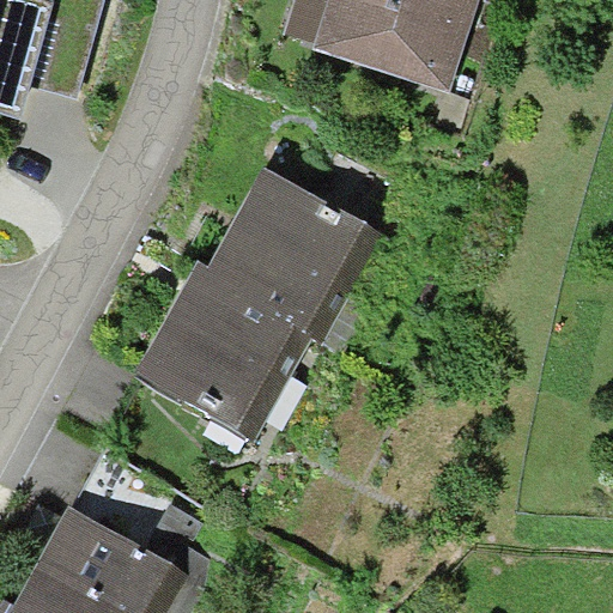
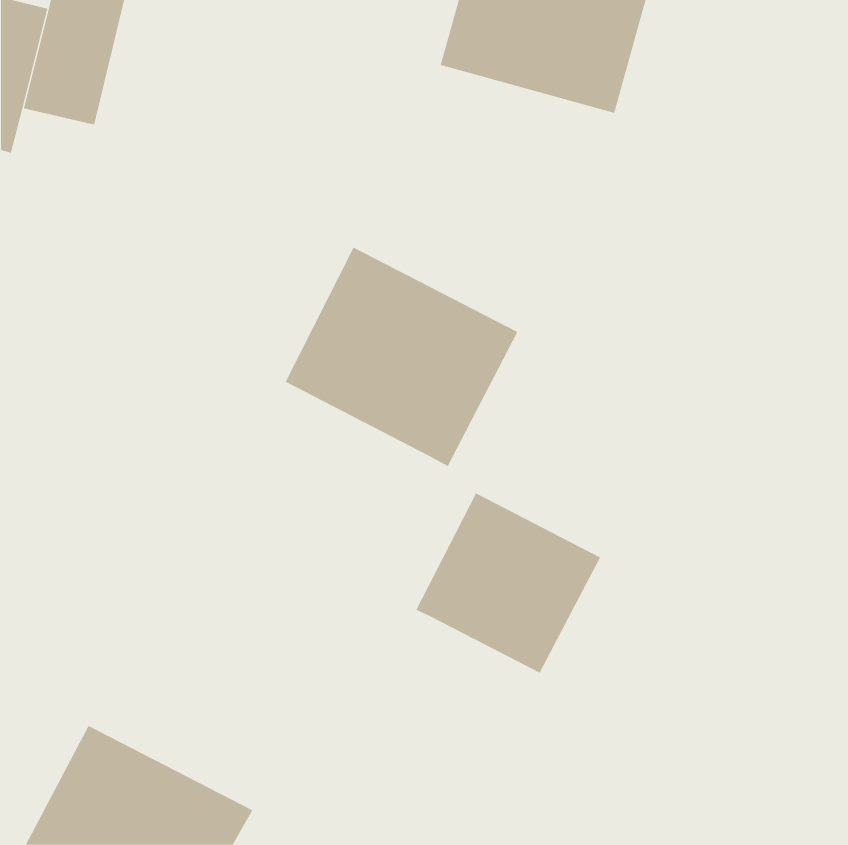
building: [136,268,311,439] -> none
building: none -> [416,493,601,674]

